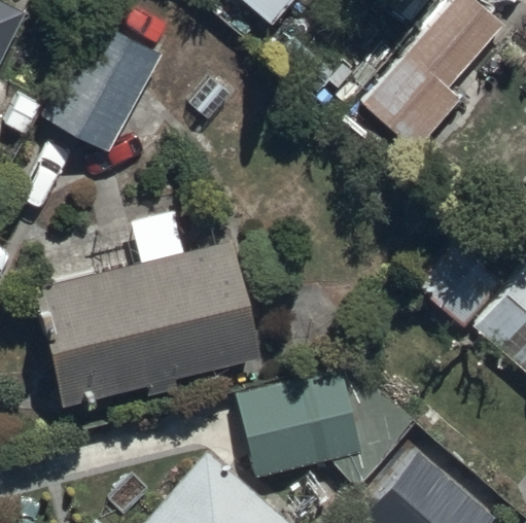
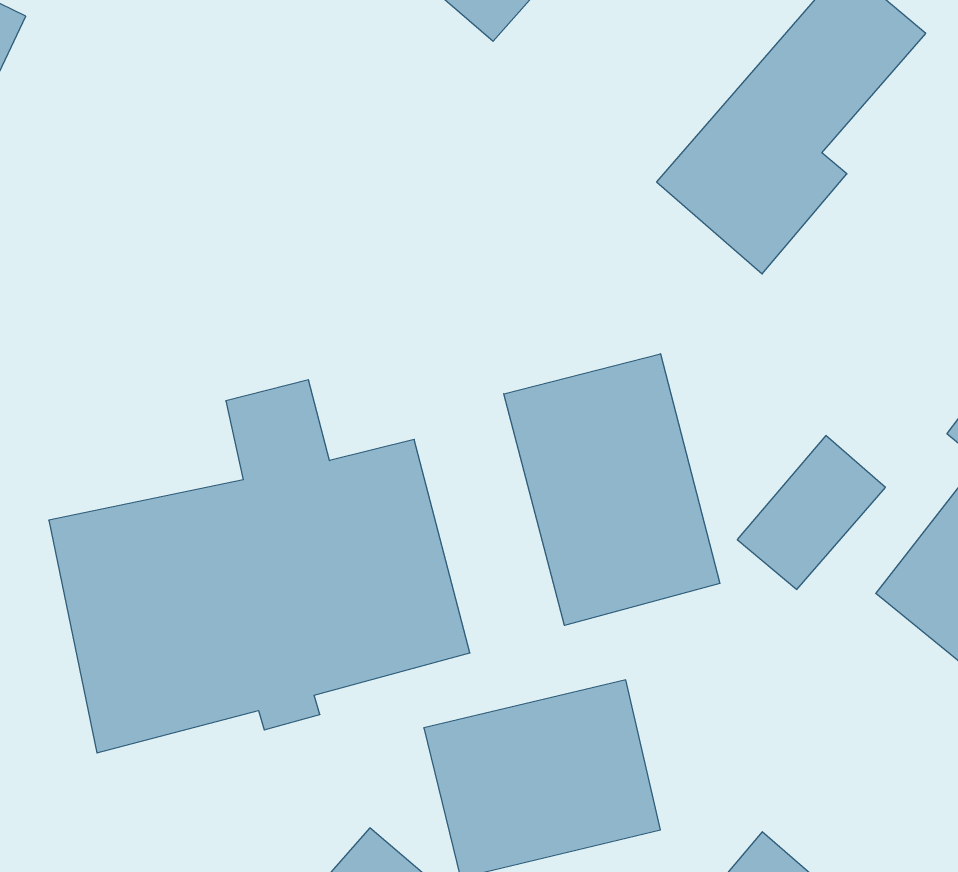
building: [39,16,163,155] -> none
building: none -> [504,354,720,625]

